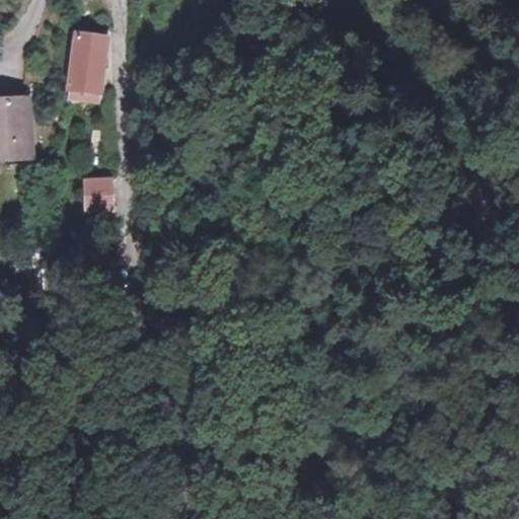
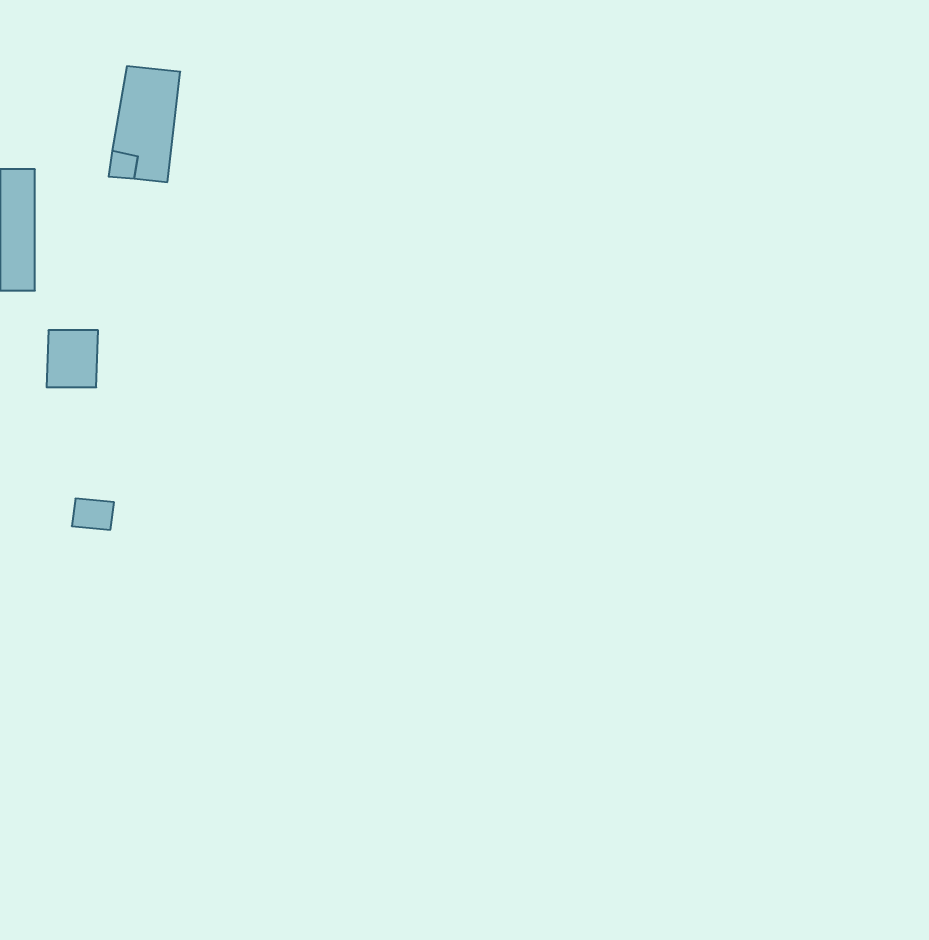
building: [84,178,113,210] -> [47,330,98,387]

